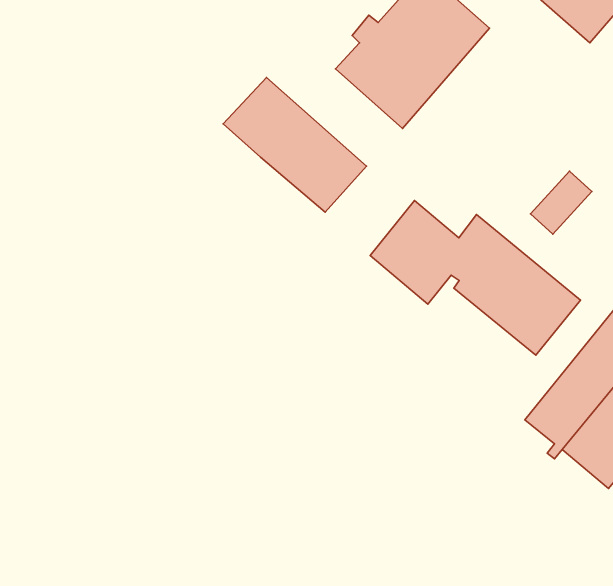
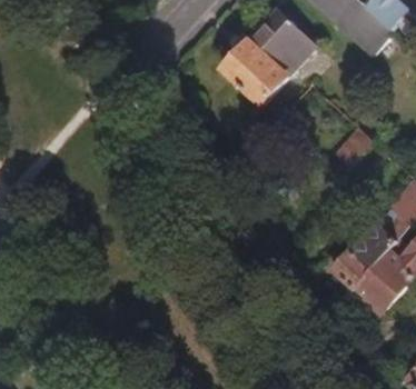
building: [223,78,367,212] -> none
building: [370,200,581,355] -> none

